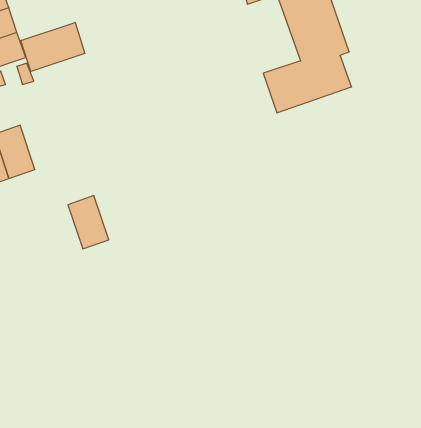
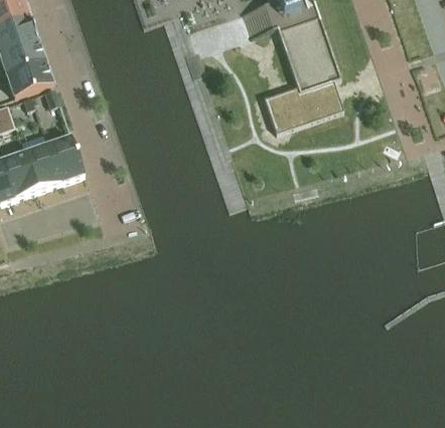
building: [21,22,85,71] -> none
building: [68,196,109,249] -> [47,136,84,183]

